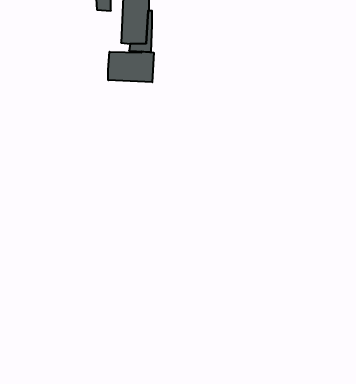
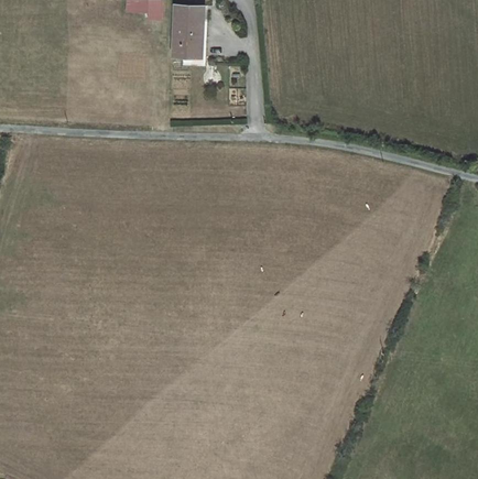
building: [108,51,154,82] -> none

